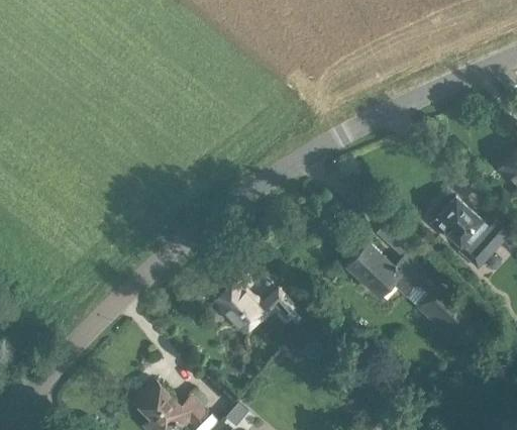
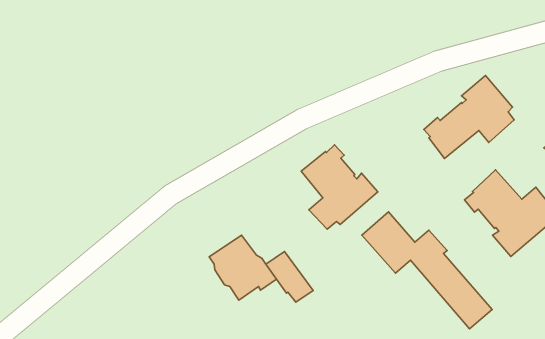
building: none -> [424,75,514,159]
building: none -> [301,145,378,229]

